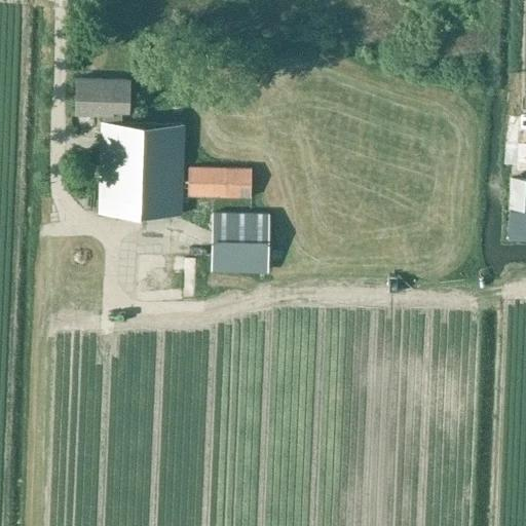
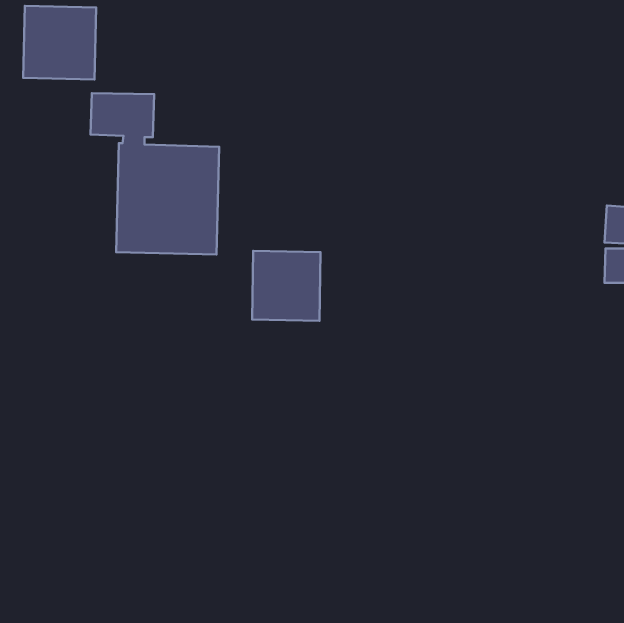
building: none -> [23,6,96,79]
building: [189,167,252,198] -> none

